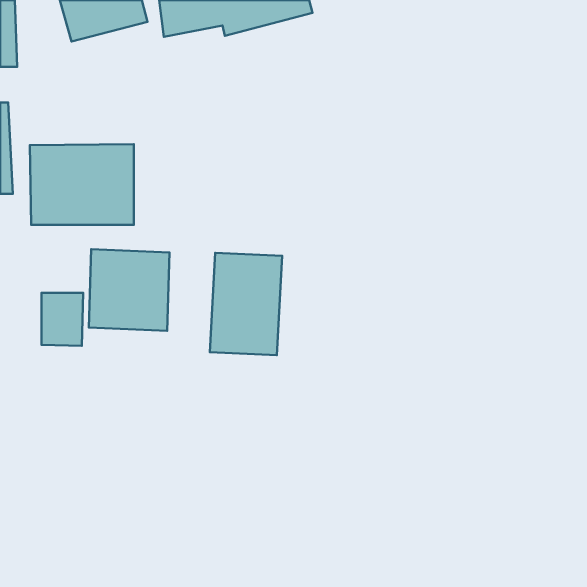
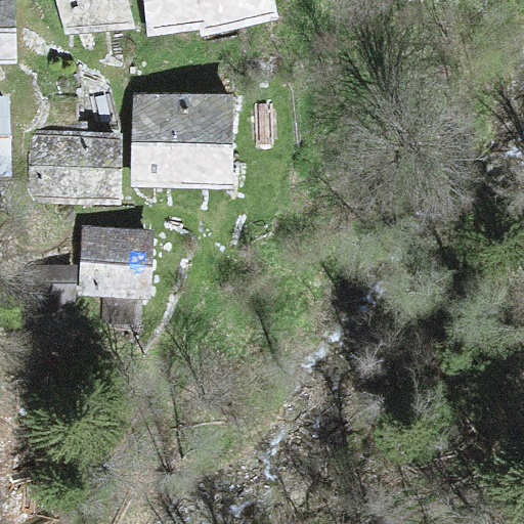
building: none -> [131,90,232,182]
building: [210,253,282,355] -> none

